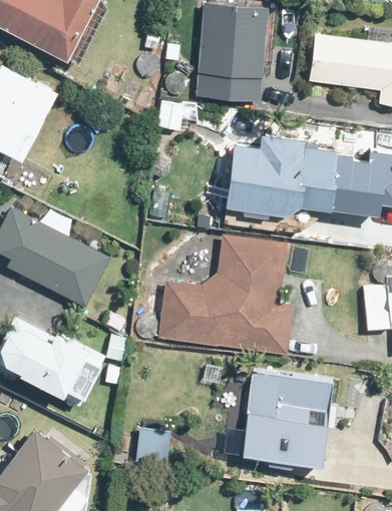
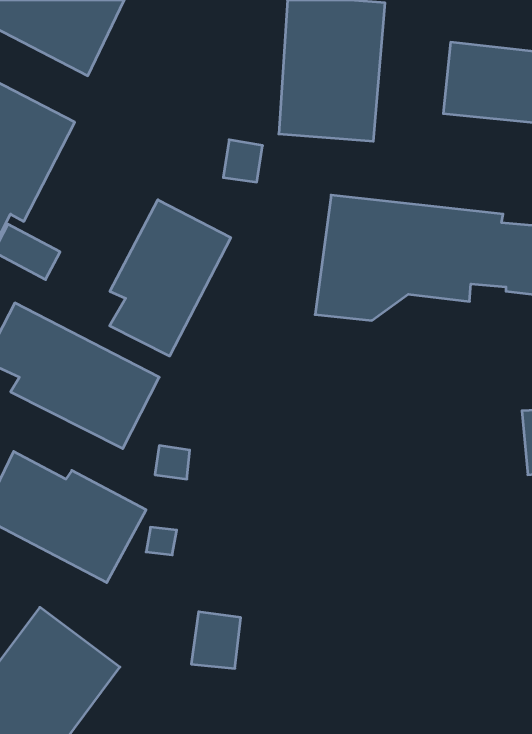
building: none -> [110,200,231,356]
building: [158,235,295,354] -> none
building: [240,370,332,463] -> none

